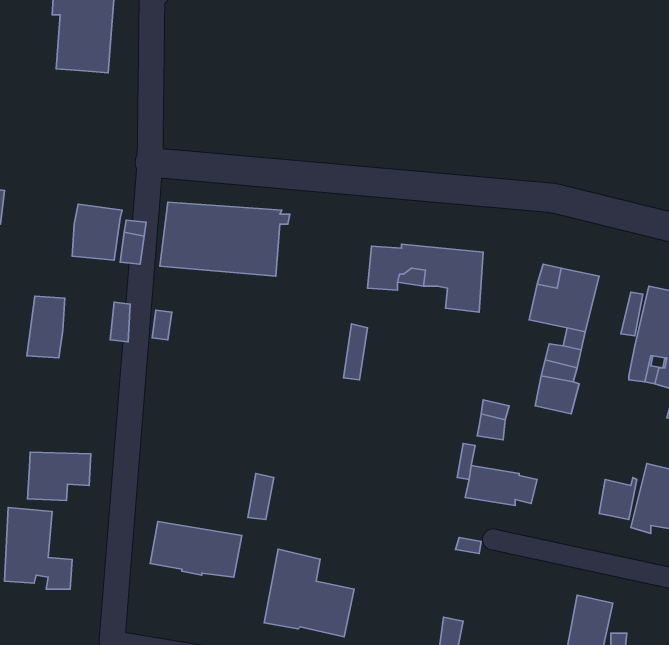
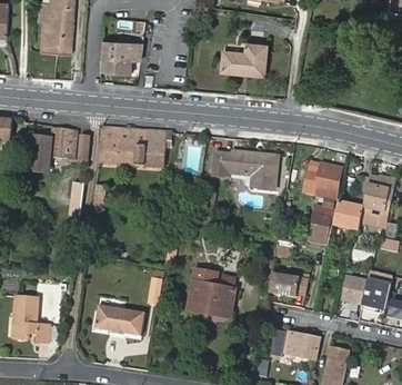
building: none -> [100,41,142,75]
building: none -> [221,42,267,75]
building: [27,296,65,358] -> [29,137,50,171]
building: none -> [333,200,362,229]
building: [28,452,91,501] -> none
building: [264,549,354,637] -> [185,268,235,317]
building: none -> [280,330,319,359]

